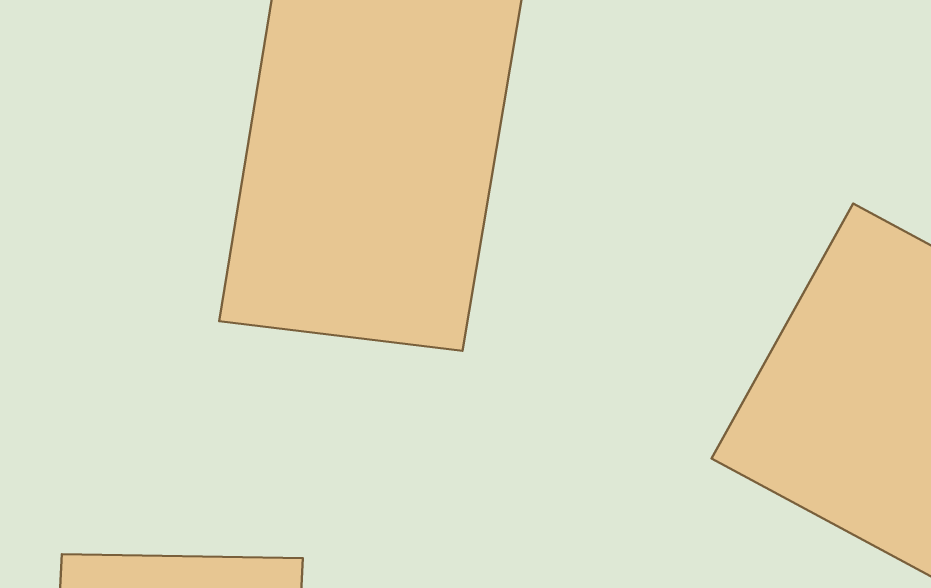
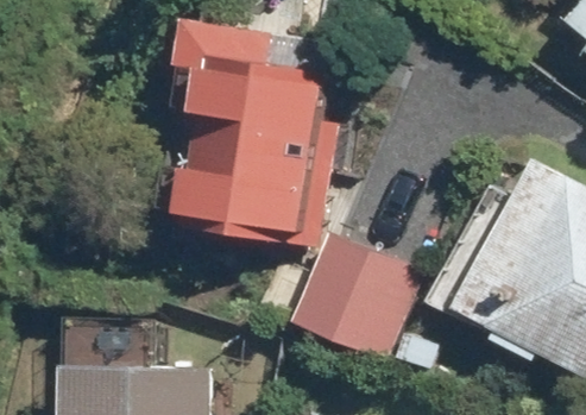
building: none -> [291,232,424,363]

